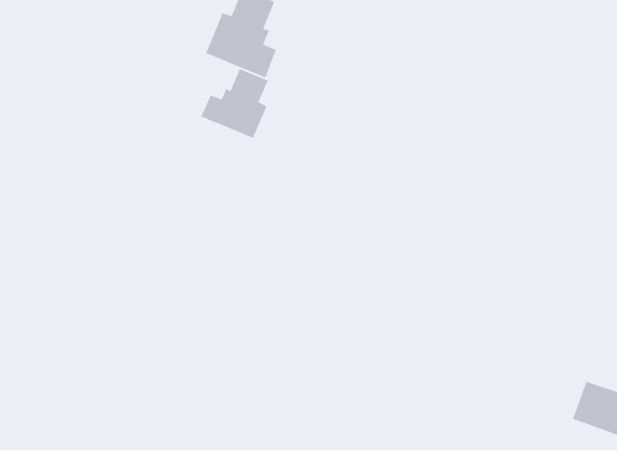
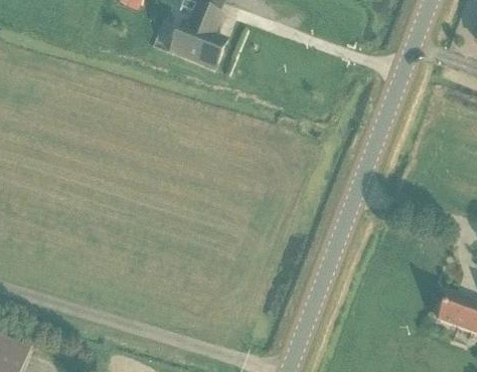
building: [200,68,269,139] -> none

